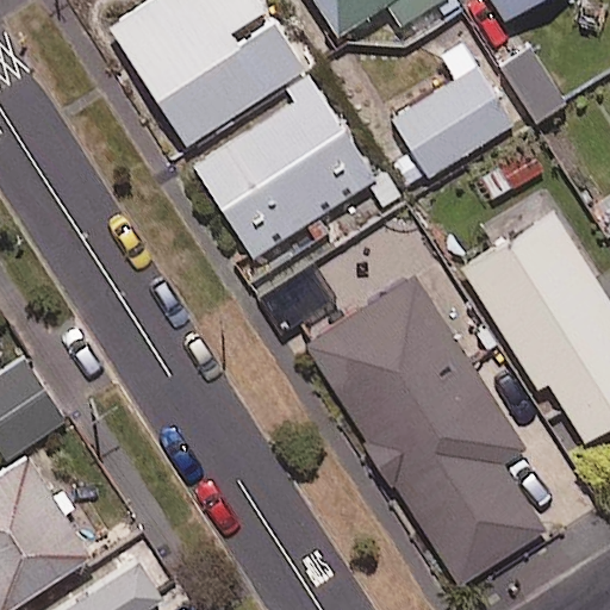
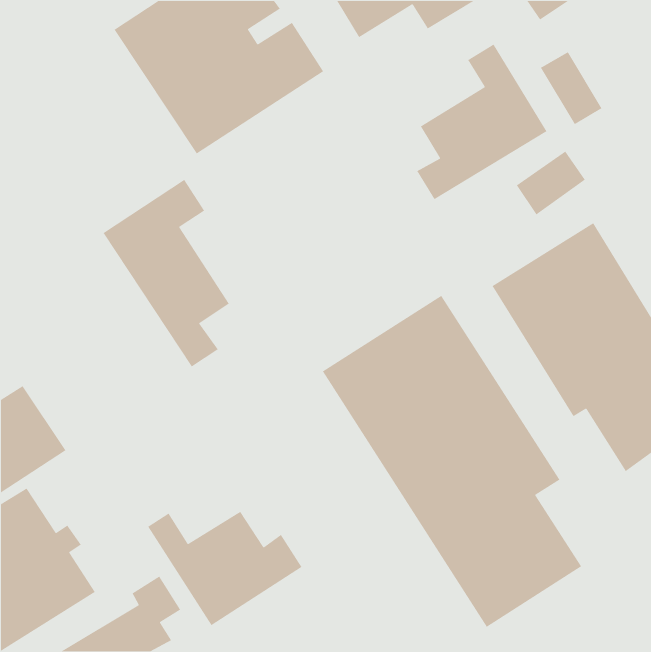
building: [193,73,403,256] -> none
building: none -> [102,179,230,368]
building: none -> [147,511,303,626]

